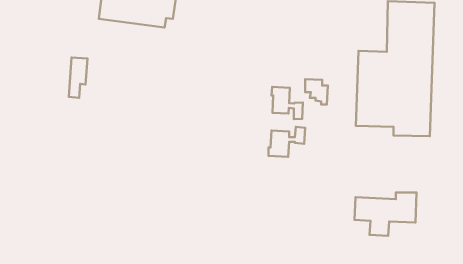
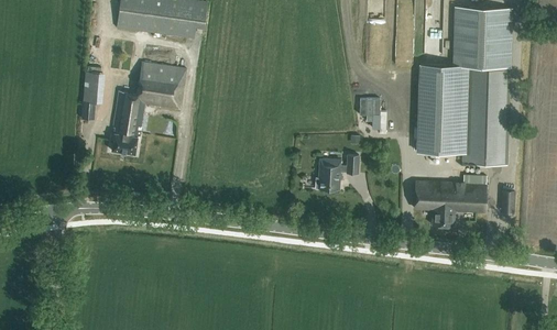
building: none -> [111,63,186,154]
building: [271,87,303,119] -> none
building: [355,193,416,236] -> [414,176,487,227]

